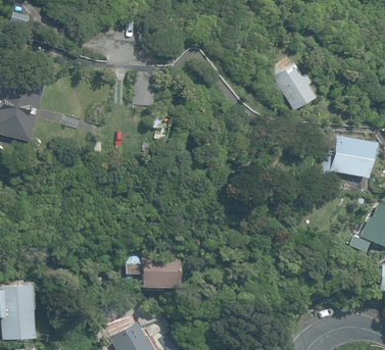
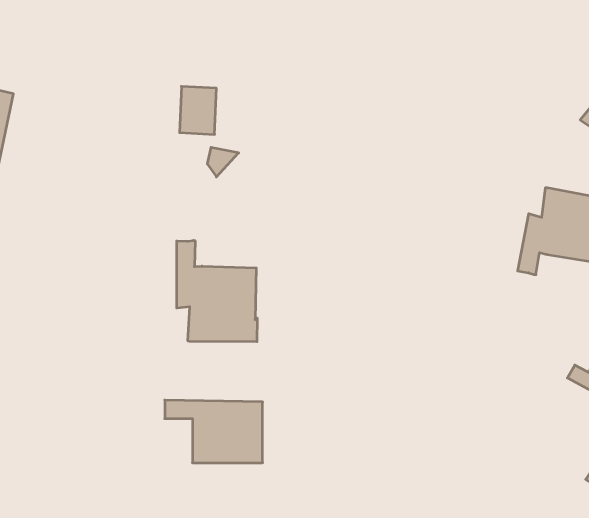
building: [268,63,317,111] -> none
building: none -> [177,240,257,342]

